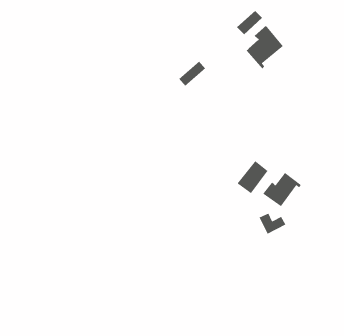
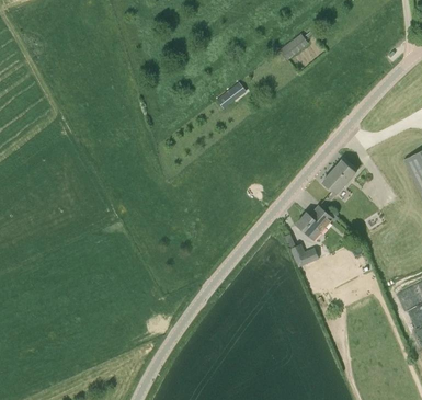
building: [246,25,284,70] -> none
building: [237,160,269,194] -> [322,159,356,194]

